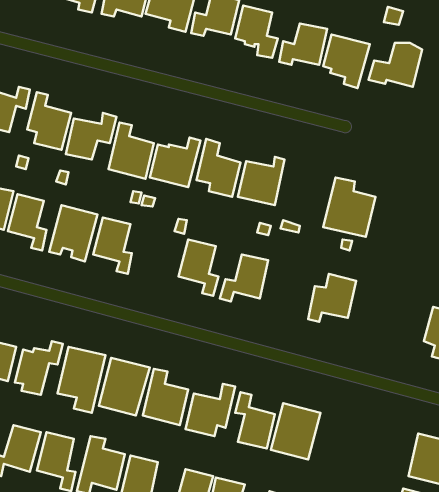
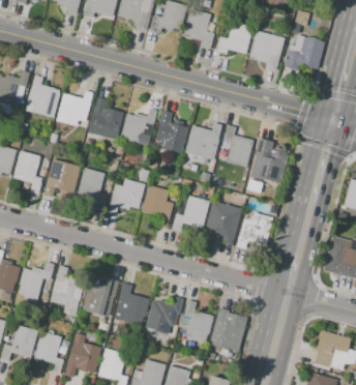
building: none -> [224,125,253,168]
building: none -> [108,178,144,213]
building: none -> [205,202,241,242]

